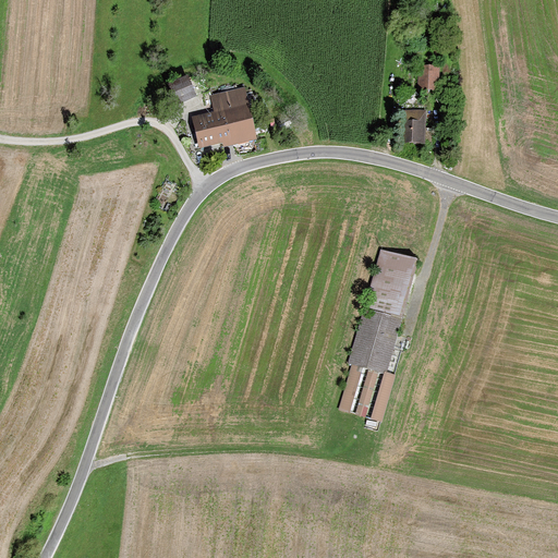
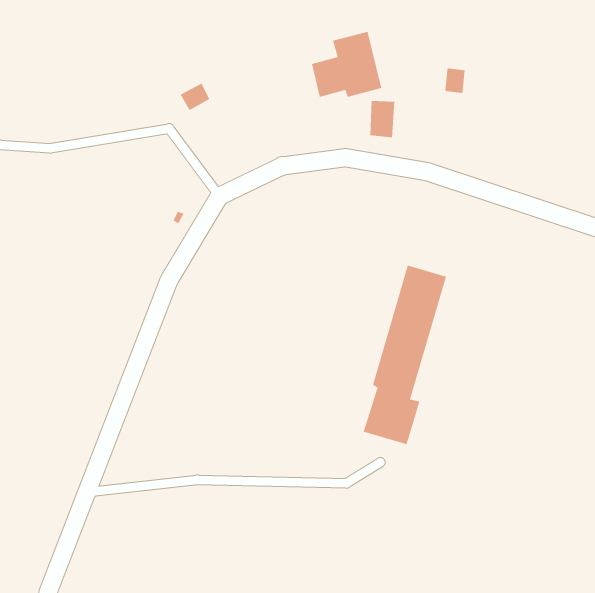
building: [192,86,258,148] -> [311,31,382,98]
building: [404,108,428,143] -> [370,100,395,138]

